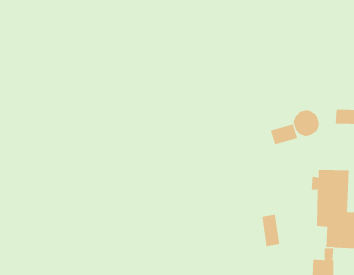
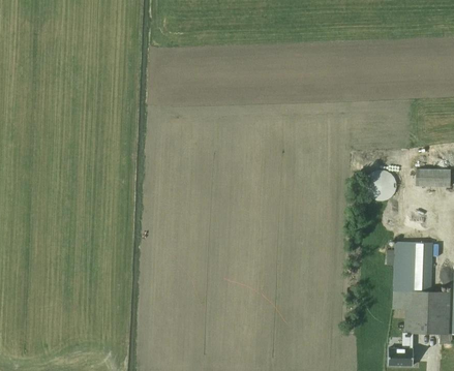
building: [270,124,298,145] -> none
building: [262,214,280,247] -> none

